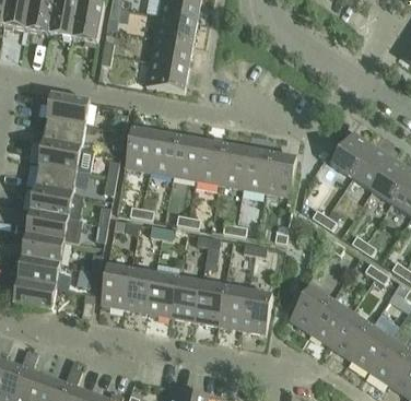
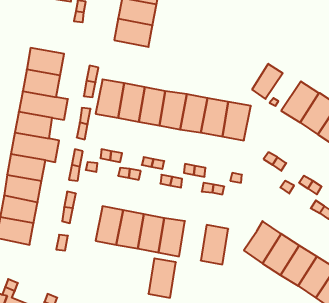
building: none -> [252,64,283,99]
building: [99,264,131,307] -> none
building: [216,285,247,329] -> [148,258,176,298]

